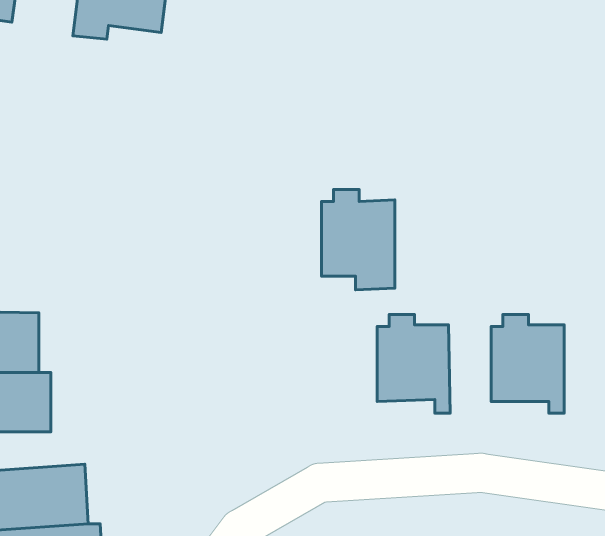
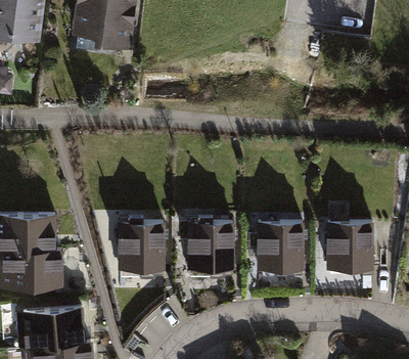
building: [322,190,395,290] -> [188,218,232,278]
building: none -> [118,217,162,277]

